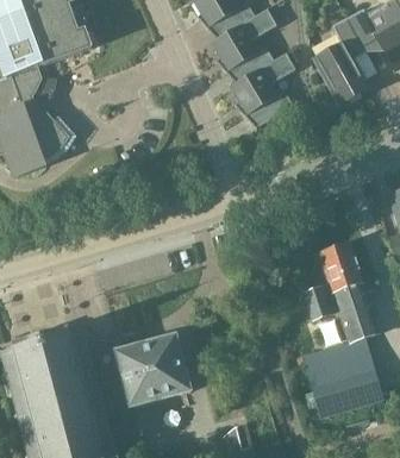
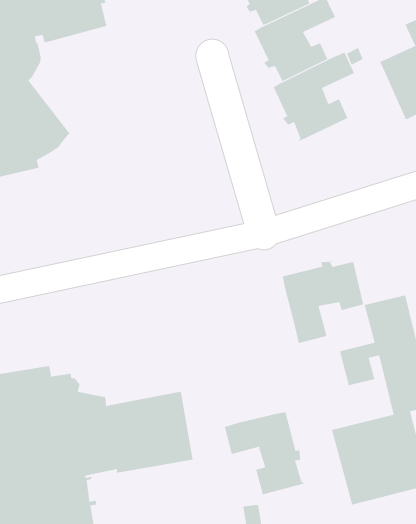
building: none -> [282,261,364,344]
building: none -> [224,411,304,495]

